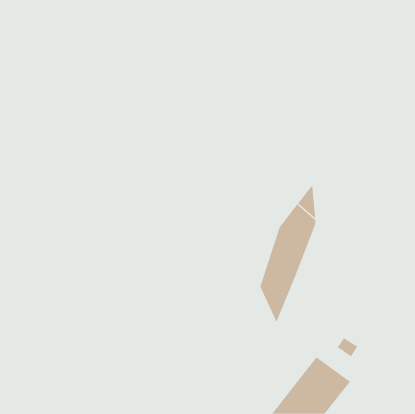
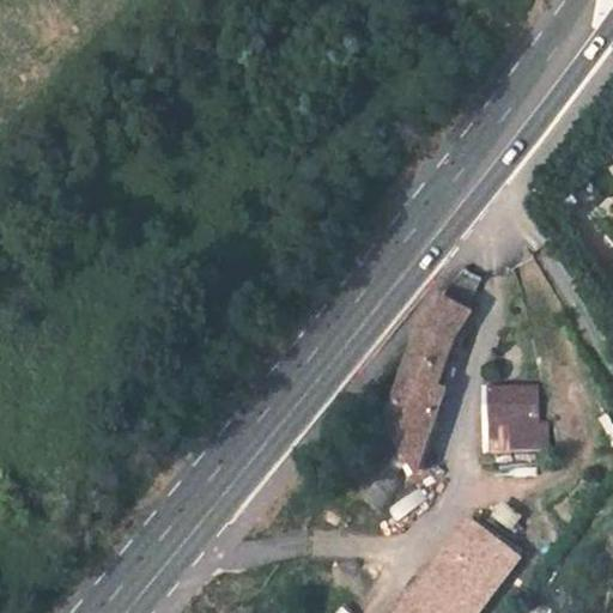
building: none -> [487,390,547,451]

